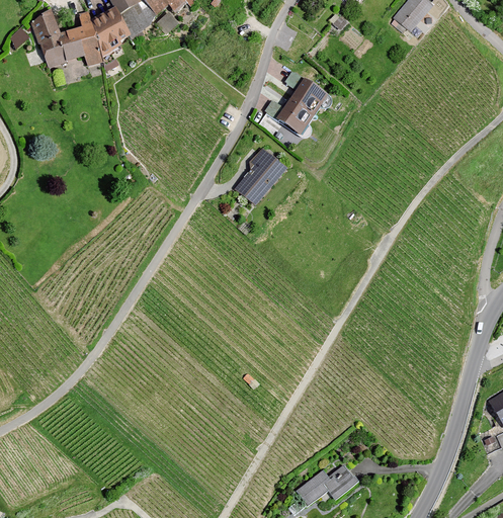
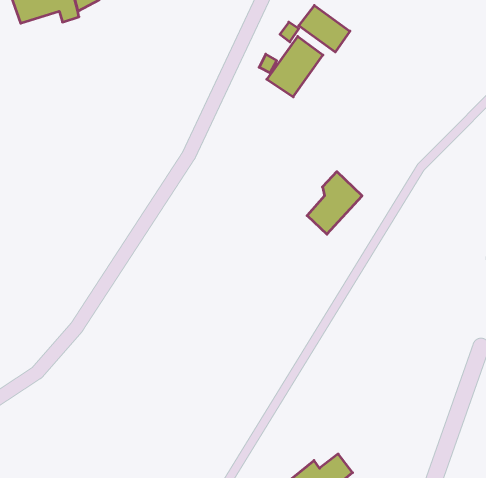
building: none -> [299,5,350,52]
building: [236,148,286,205] -> [307,172,362,234]

